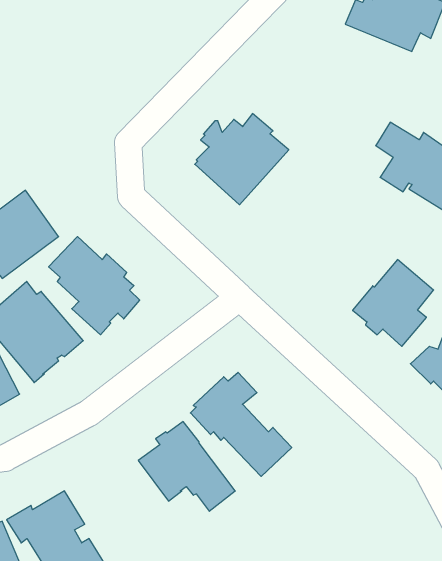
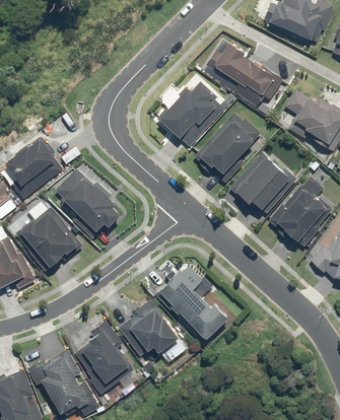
building: none -> [206,44,283,107]
building: none -> [194,114,261,183]
building: none -> [230,152,297,213]
building: none -> [75,320,139,393]

